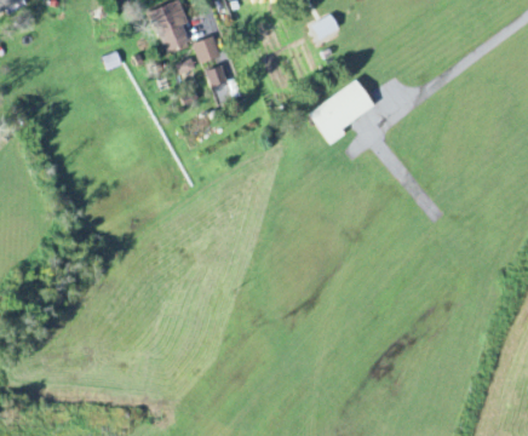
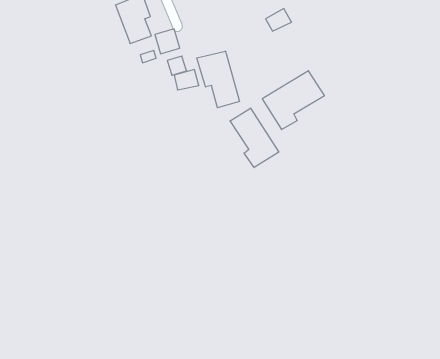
building: none -> [197,51,239,108]
building: none -> [230,108,279,168]

